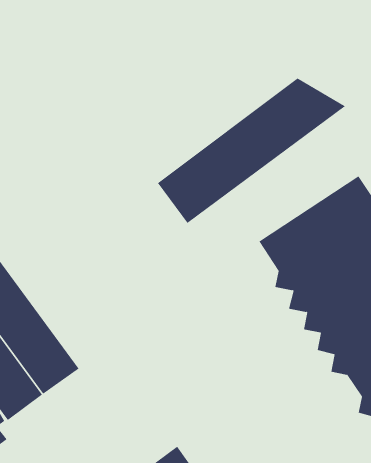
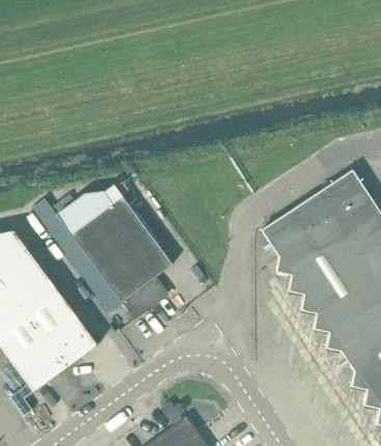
building: [157,77,346,224] -> none
building: none -> [31,192,172,318]

